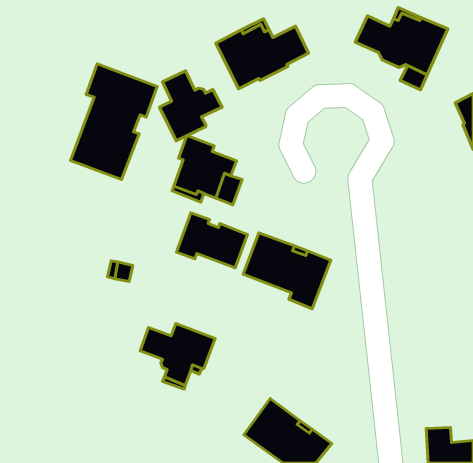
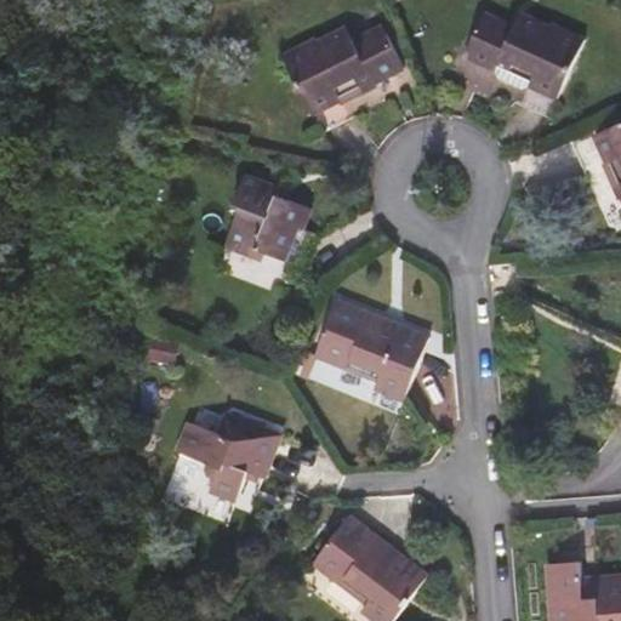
building: [71,64,157,180] -> none
building: [160,71,222,141] -> none
building: [176,213,248,268] -> none

